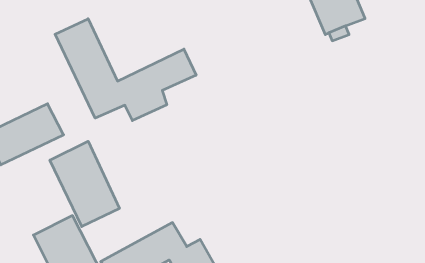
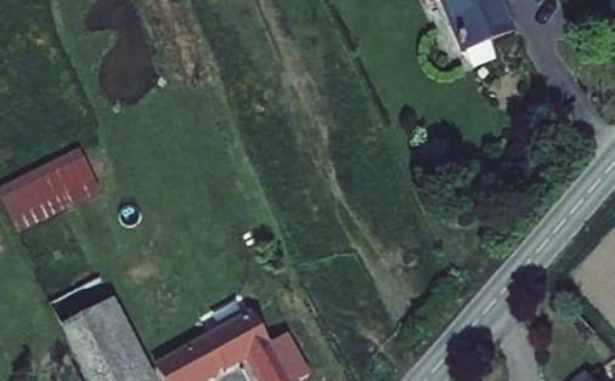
building: [55,19,196,121] -> none
building: [50,141,119,227] -> none

